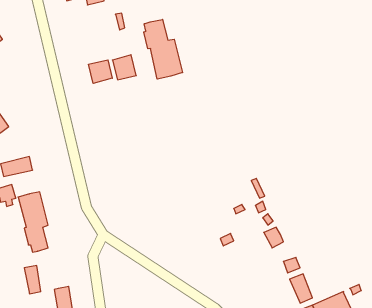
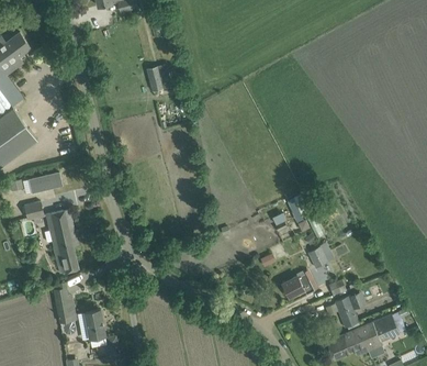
building: [144,19,183,79] -> none
building: [89,60,112,83] -> none
building: none -> [281,274,314,298]

